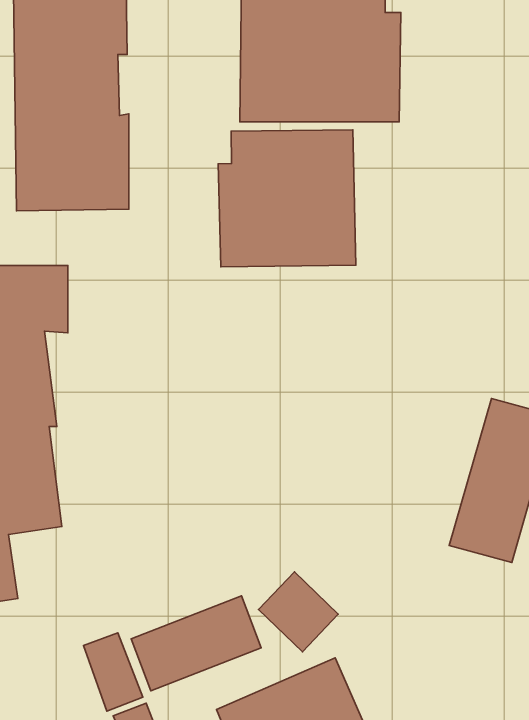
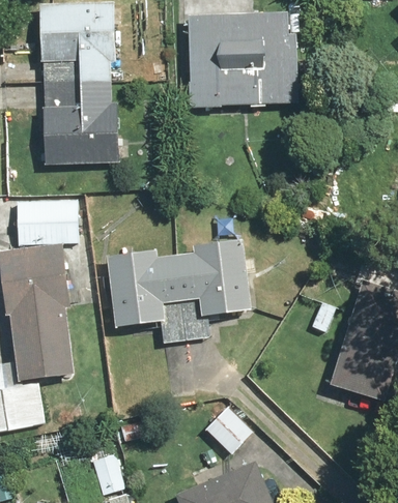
building: [218,130,356,267] -> none
building: none -> [108,239,252,343]
building: [131,596,261,691] -> none

